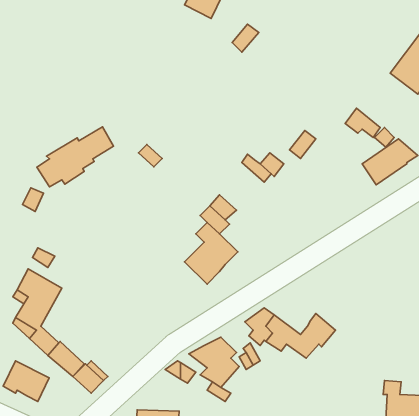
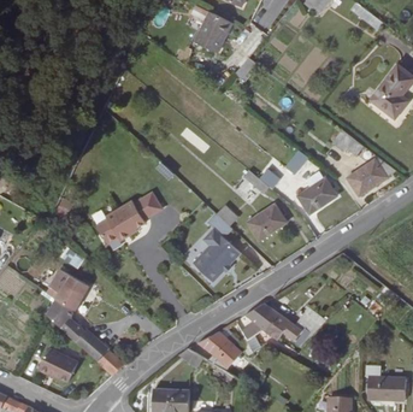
building: [37,127,114,187] -> [98,192,164,243]
building: none -> [296,176,336,213]
building: none -> [247,202,285,239]

